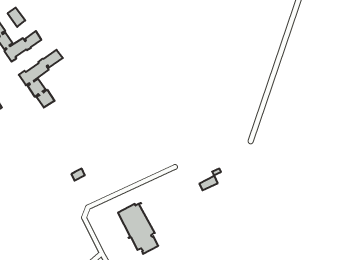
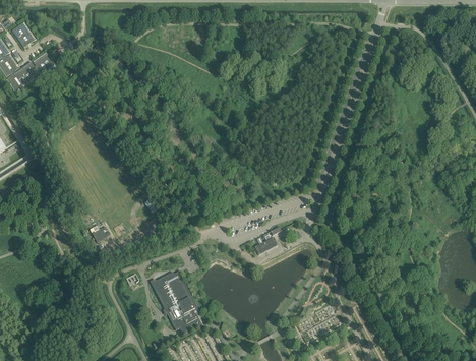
building: [19,50,63,108] -> none

